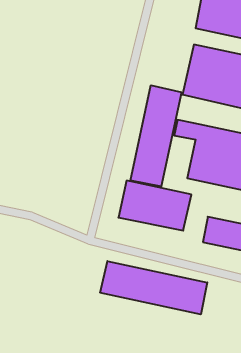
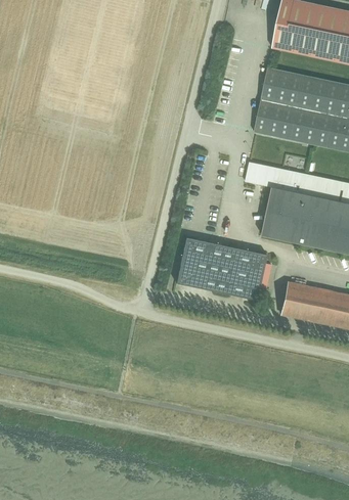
building: [130,85,181,187] -> none
building: [100,261,207,314] -> none

